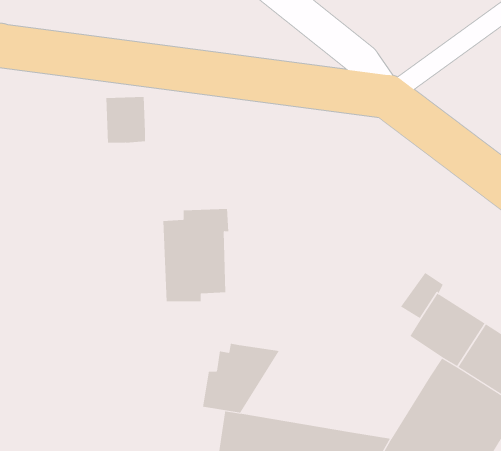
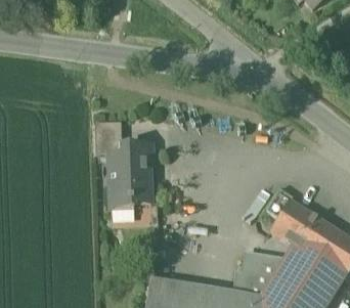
building: [106,96,146,143] -> [96,121,123,151]
building: [202,343,280,413] -> [234,249,286,295]

